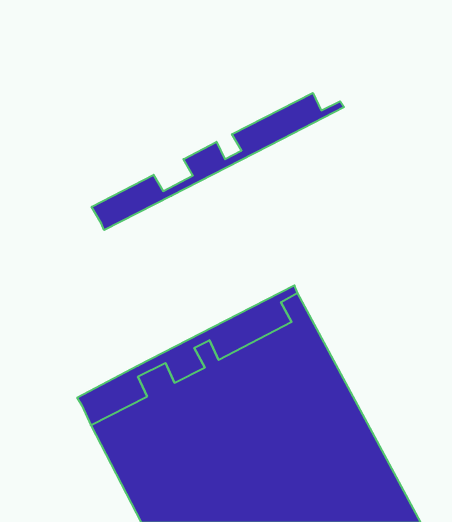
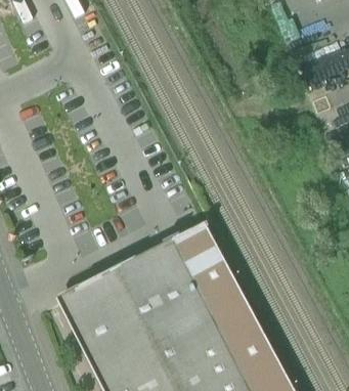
building: [92,93,344,230] -> none

